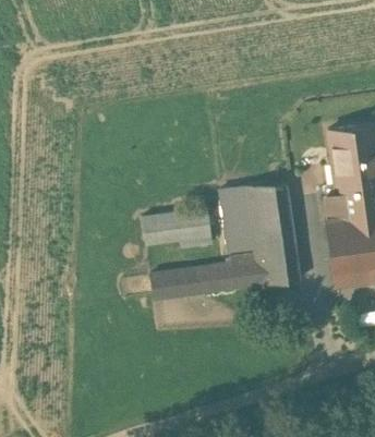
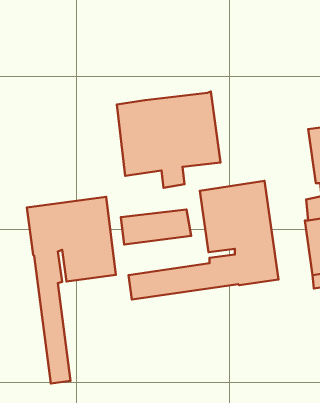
building: none -> [117,92,220,188]
building: none -> [27,197,116,384]

